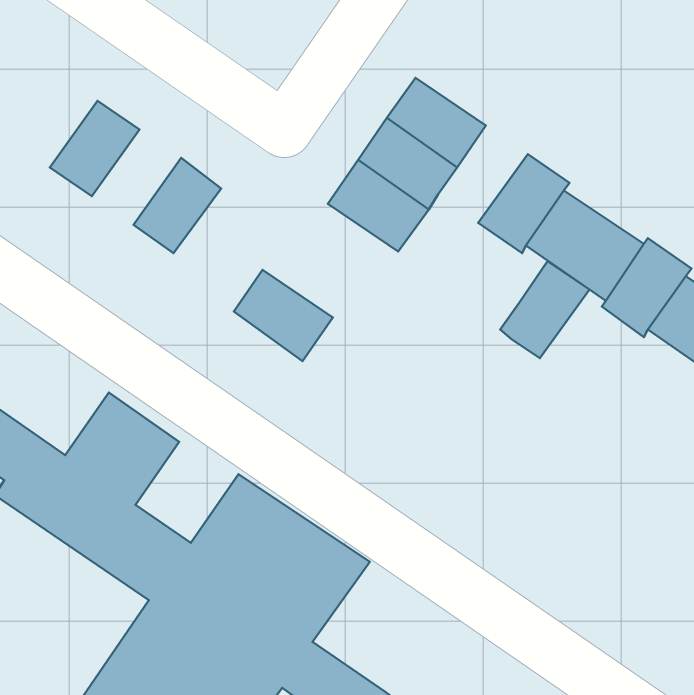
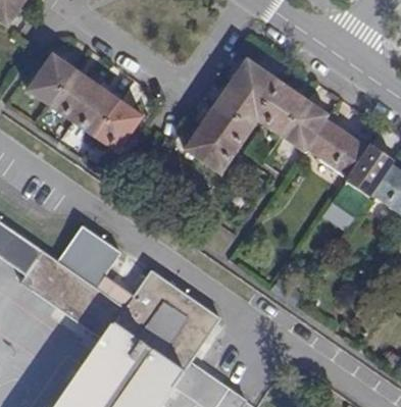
building: none -> [28,54,76,106]
building: none -> [72,86,120,137]
building: [500,261,589,358] -> [258,84,306,136]
building: [234,270,333,361] -> [184,125,237,174]

